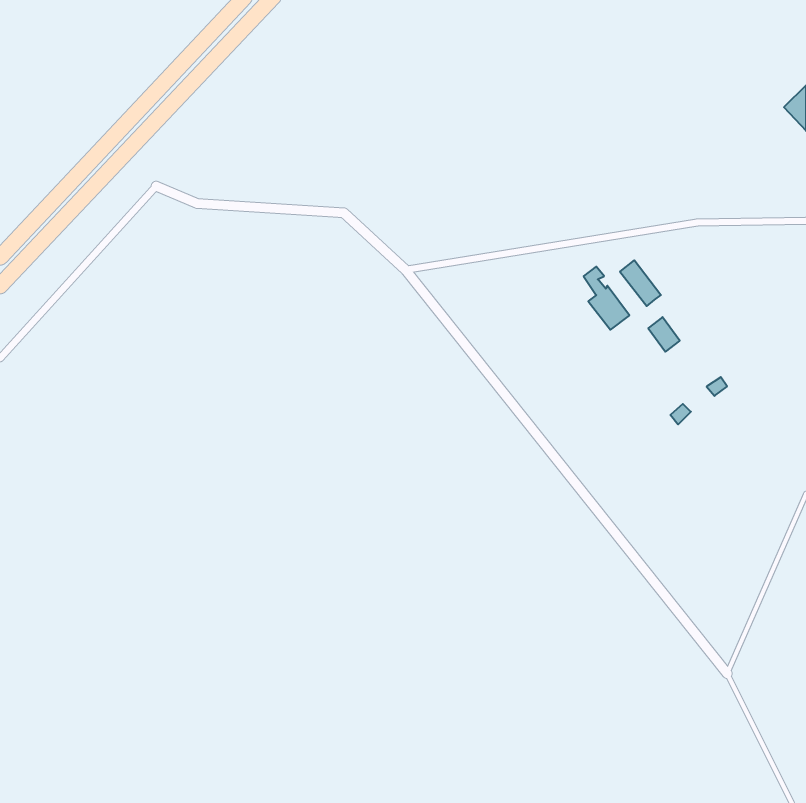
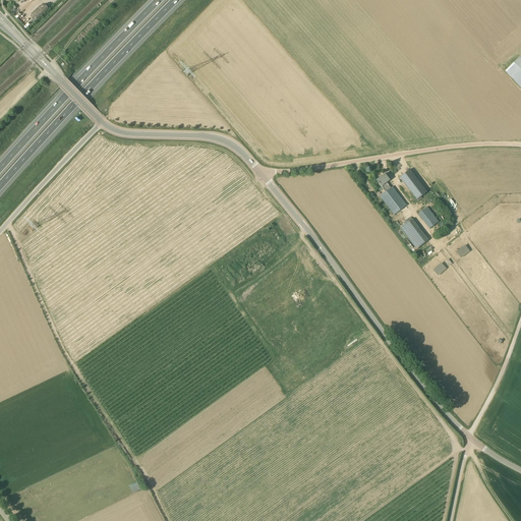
building: none -> [401,217,428,247]

